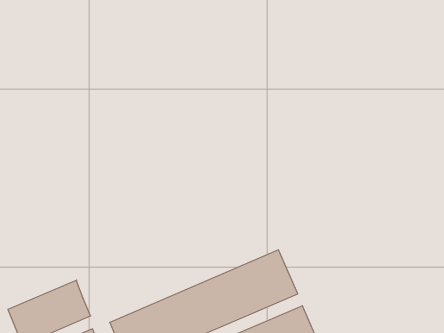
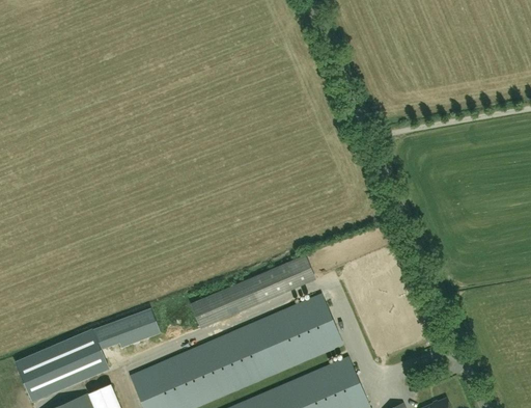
building: none -> [190,254,314,328]
building: none -> [92,308,159,349]

